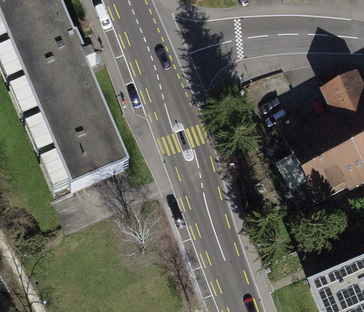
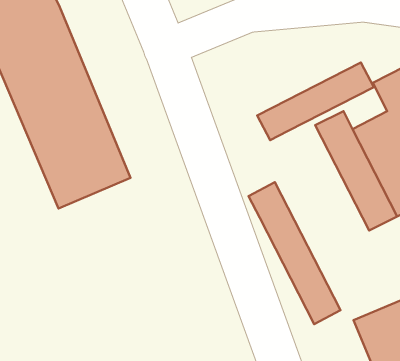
building: none -> [257,63,374,140]
building: none -> [249,182,340,324]

